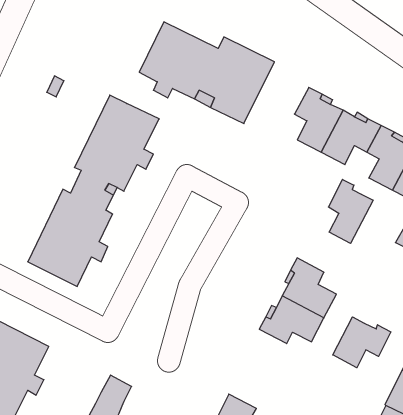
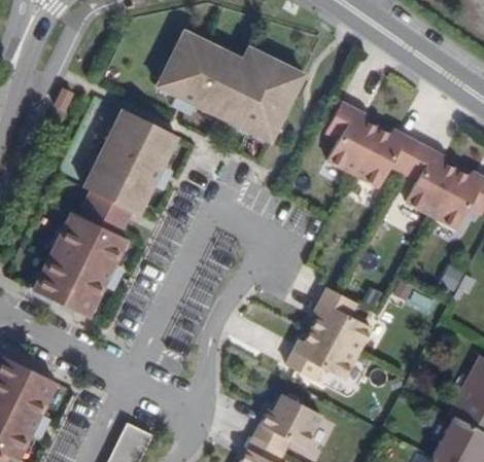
building: [328,179,373,243] -> none
building: [333,317,391,368] -> none
building: none -> [254,393,322,451]

